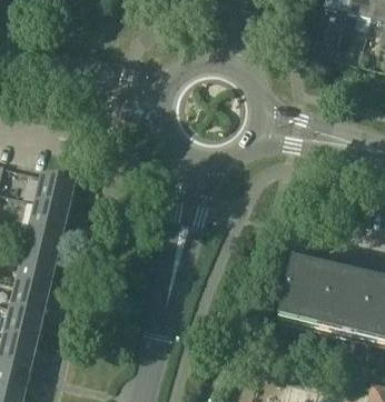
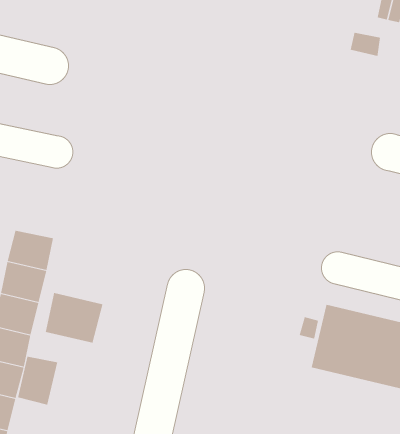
building: [34,173,73,208] -> none
building: none -> [45,292,103,344]
building: none -> [18,356,58,405]

